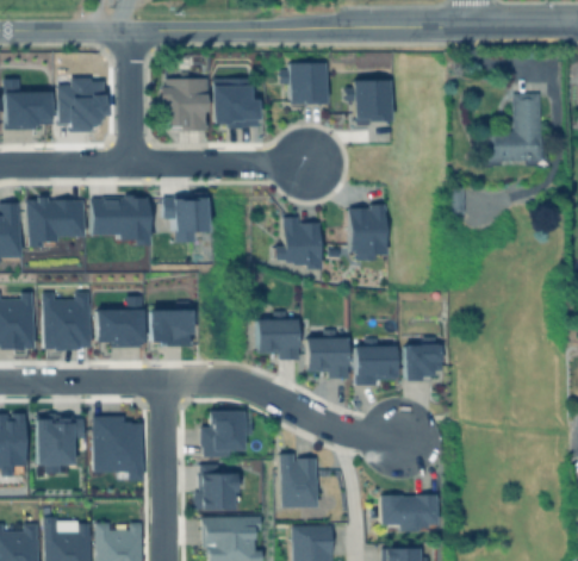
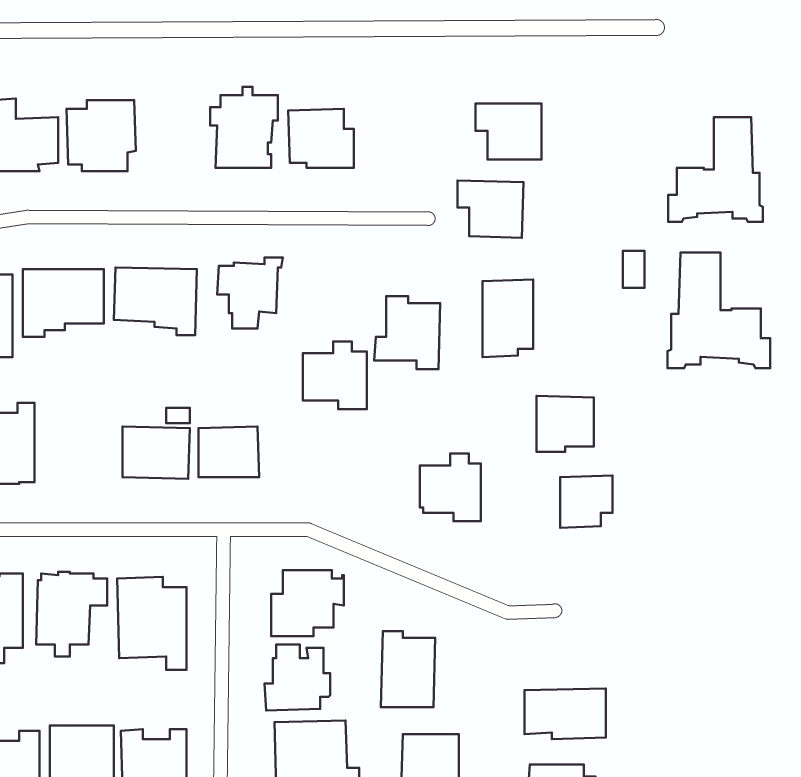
building: [281,64,328,105] -> [457,180,523,238]
building: none -> [668,252,770,368]
building: [44,292,91,350] -> none
building: [255,310,300,357] -> [303,341,367,409]
building: [356,345,397,385] -> [536,396,594,452]

